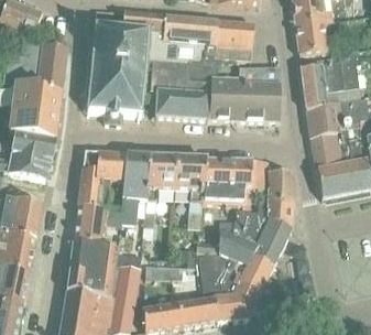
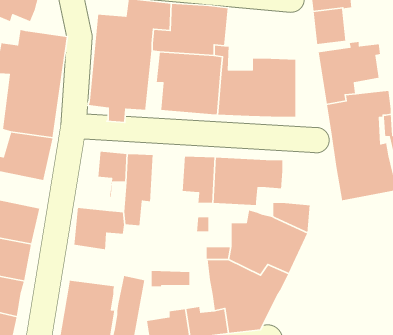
building: [214,20,253,58] -> none
building: [77,152,109,207] -> none
building: [142,155,176,234] -> none
building: [266,170,294,202] -> none
building: [69,239,142,277] -> none

